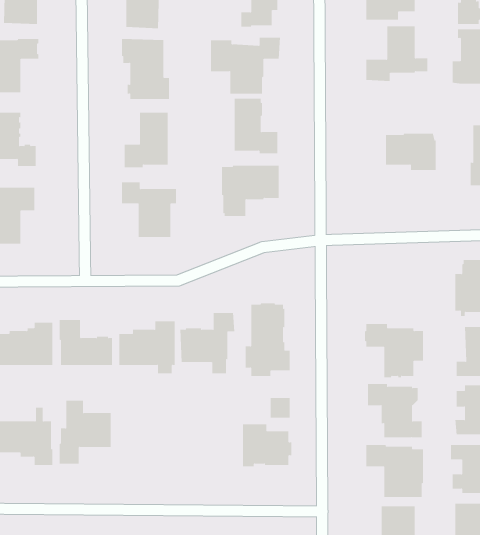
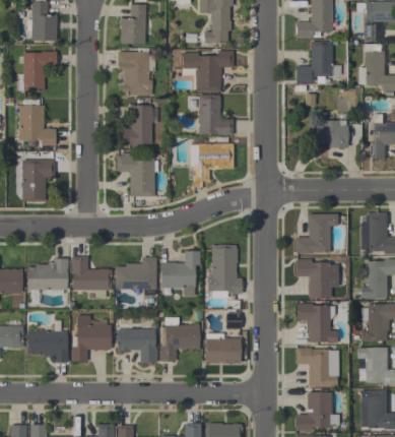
building: none -> [295,214,337,254]
building: none -> [159,316,199,362]
building: none -> [116,329,155,363]

